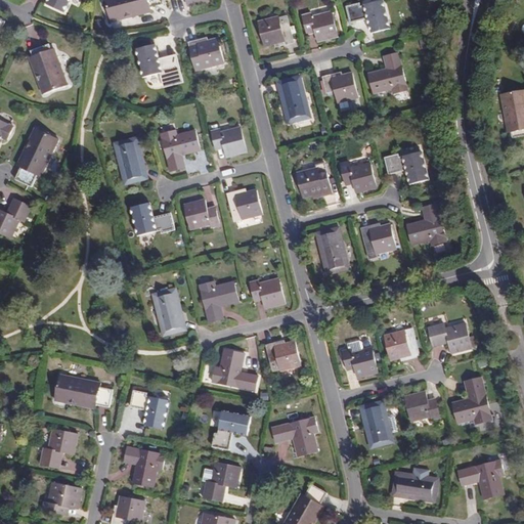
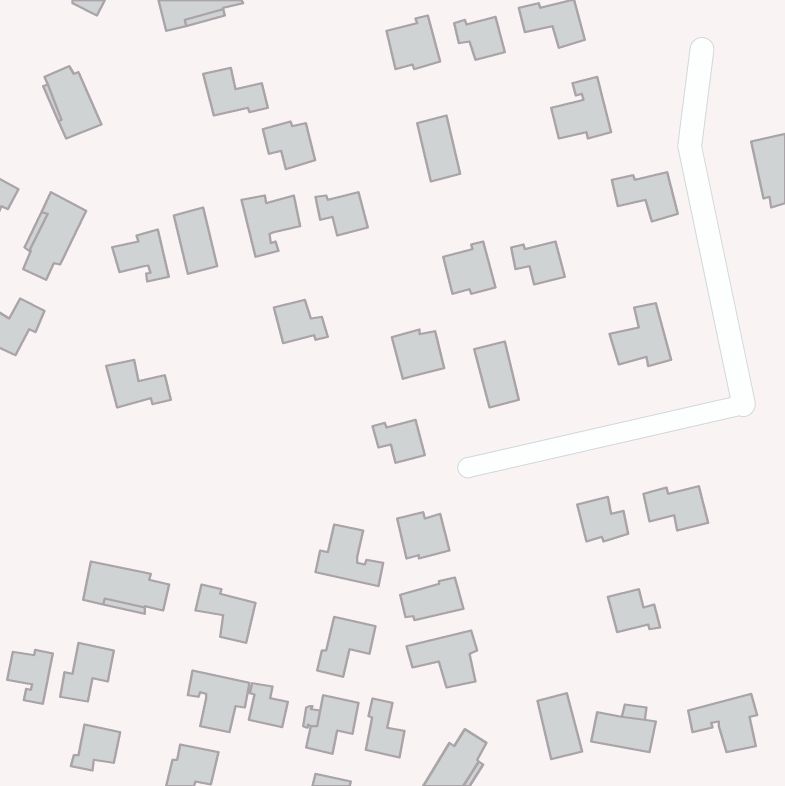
building: [186,38,221,70] -> [263,122,315,169]
building: [322,72,357,101] -> none
building: [383,149,427,182] -> [612,172,678,221]
building: none -> [112,230,169,282]
building: [225,189,260,222] -> [392,330,444,379]
building: [129,203,172,234] -> [106,360,171,407]
building: [360,222,395,258] -> none
building: [199,281,237,322] -> none
building: [154,290,182,334] -> none
building: [343,348,377,377] -> none
building: [452,378,492,424] -> none
building: none -> [400,578,464,620]
building: [362,402,392,446] -> [537,693,582,759]
building: none -> [7,650,53,704]
building: none -> [249,683,288,727]
building: none -> [366,699,405,757]

